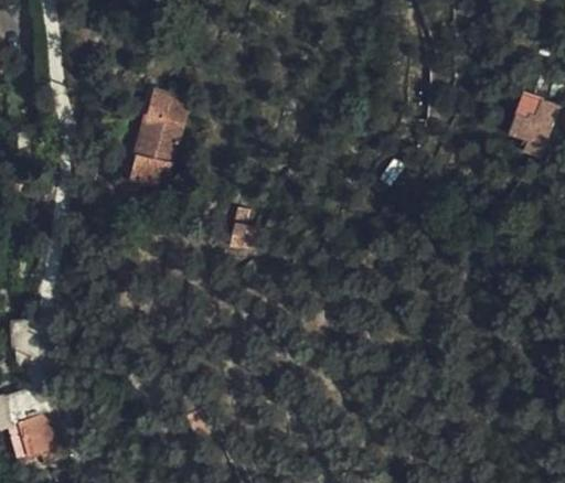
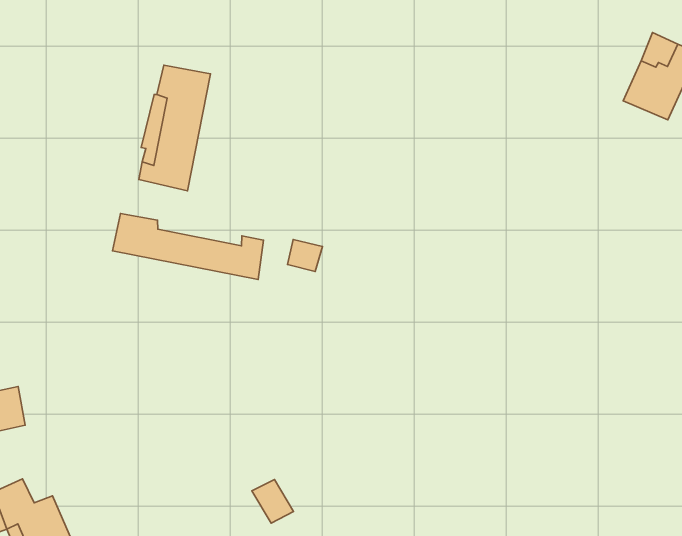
building: none -> [112,214,264,280]

